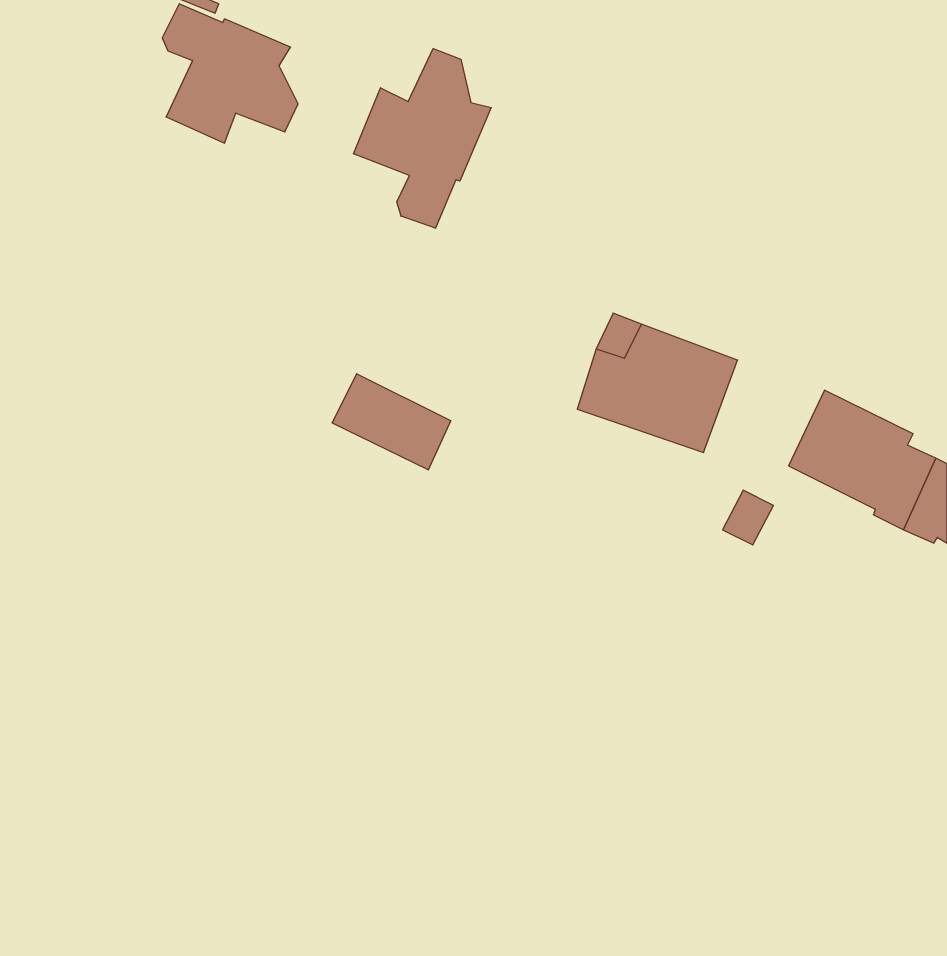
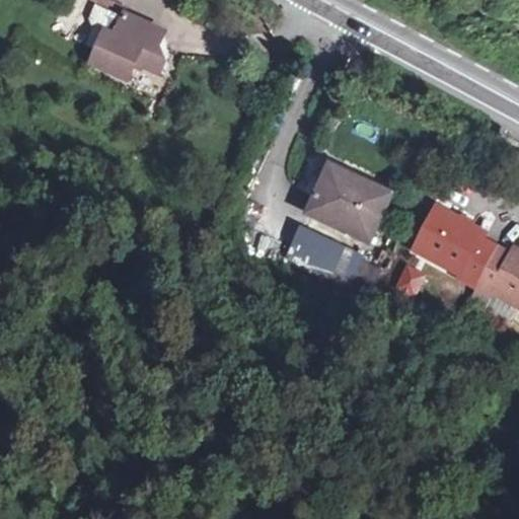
building: [354,49,491,228] -> none
building: [332,374,451,470] -> [278,223,342,275]

